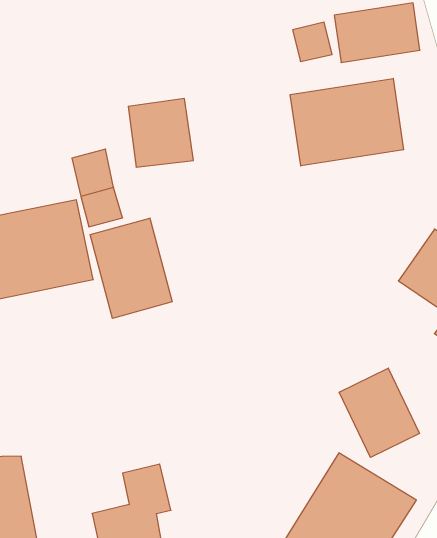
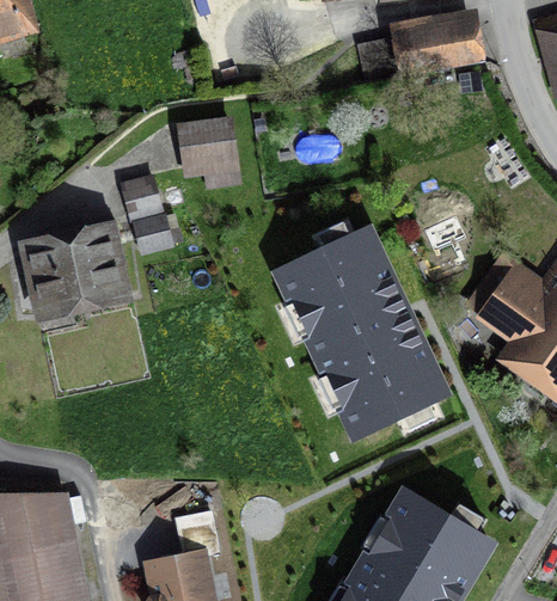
building: [290,78,404,166] -> none
building: none -> [275,228,440,430]
building: [90,218,172,318] -> none
building: [339,368,419,457] -> none

